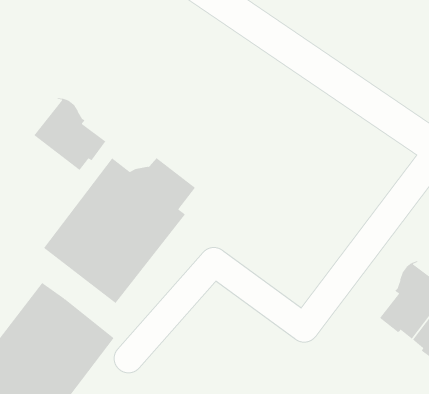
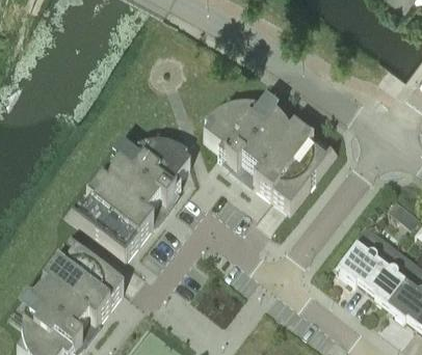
building: [34,98,106,171] -> none
building: none -> [205,100,339,216]

